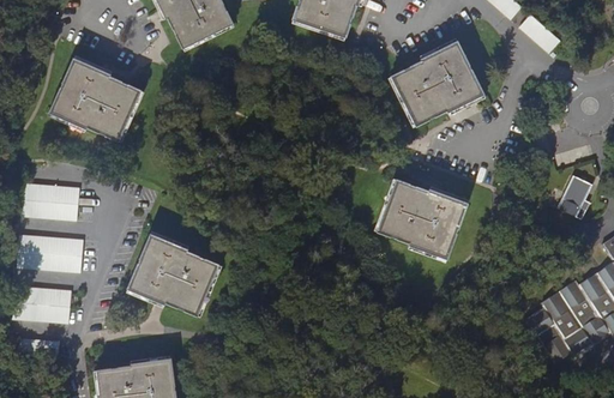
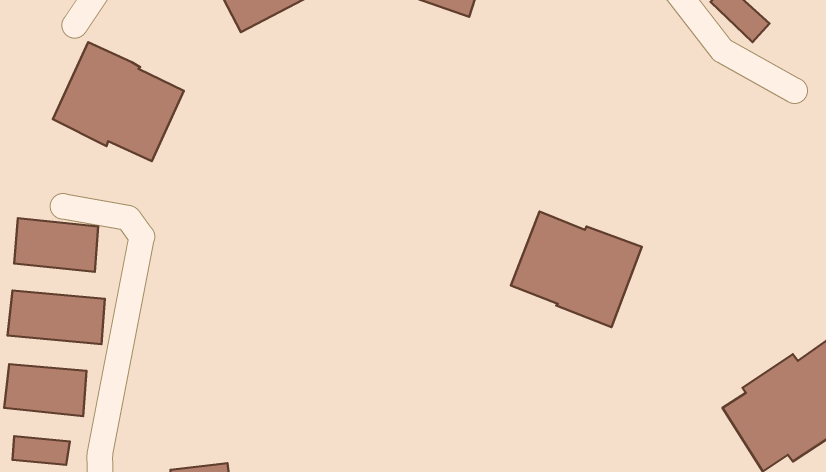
building: [390,38,484,126] -> none
building: [559,175,592,217] -> none
building: [126,233,221,316] -> none

